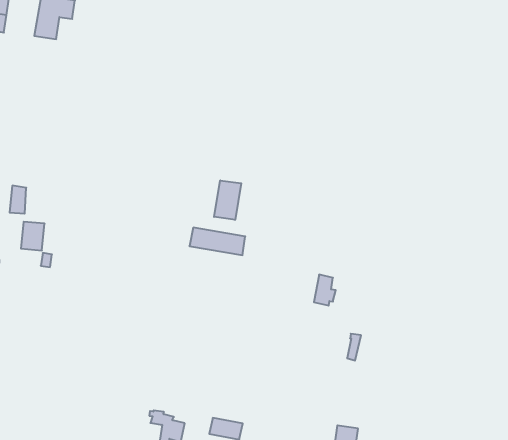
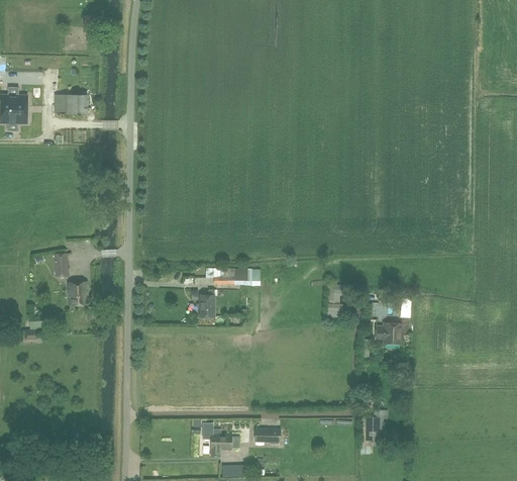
building: [214,180,241,220] -> none
building: none -> [200,288,215,317]
building: none -> [376,319,408,345]

